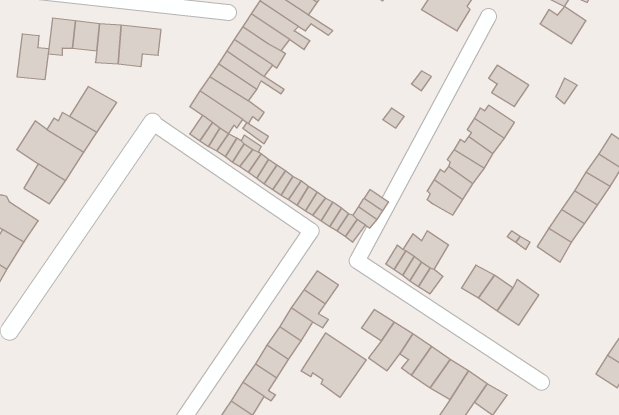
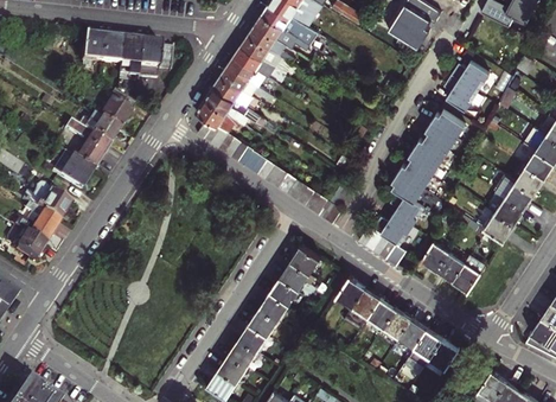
building: [540,7,586,44] -> [452,60,490,91]
building: [17,34,49,80] -> none
building: none -> [390,190,424,224]
building: [301,333,366,397] -> none

